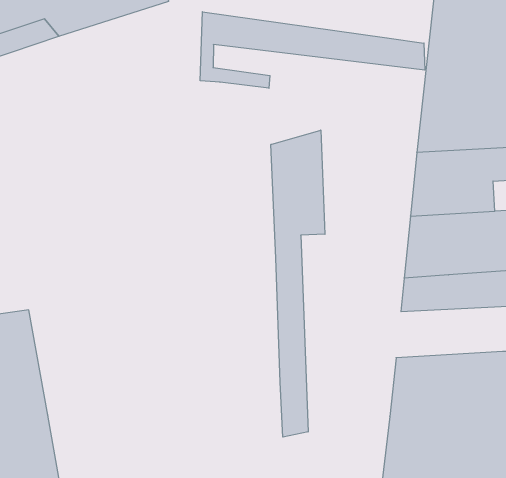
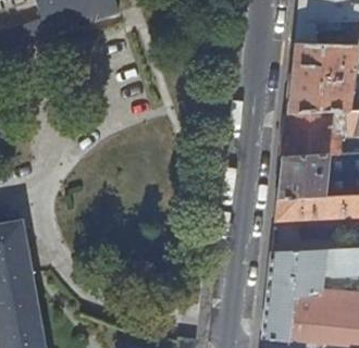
building: [200,12,425,88] -> none
building: [271,130,325,437] -> none

